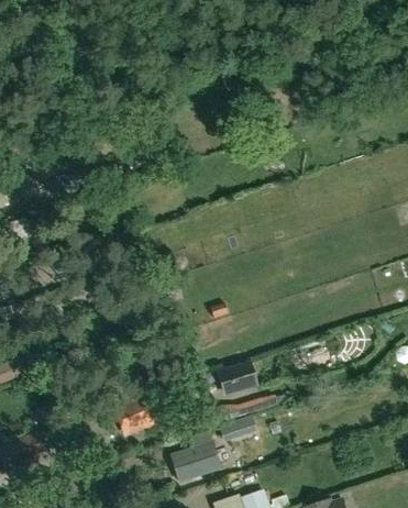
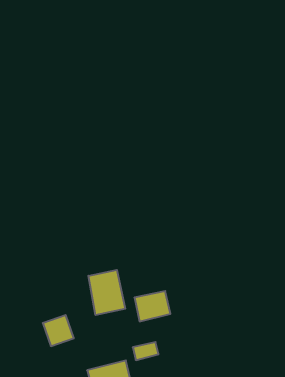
building: none -> [88,270,125,315]

